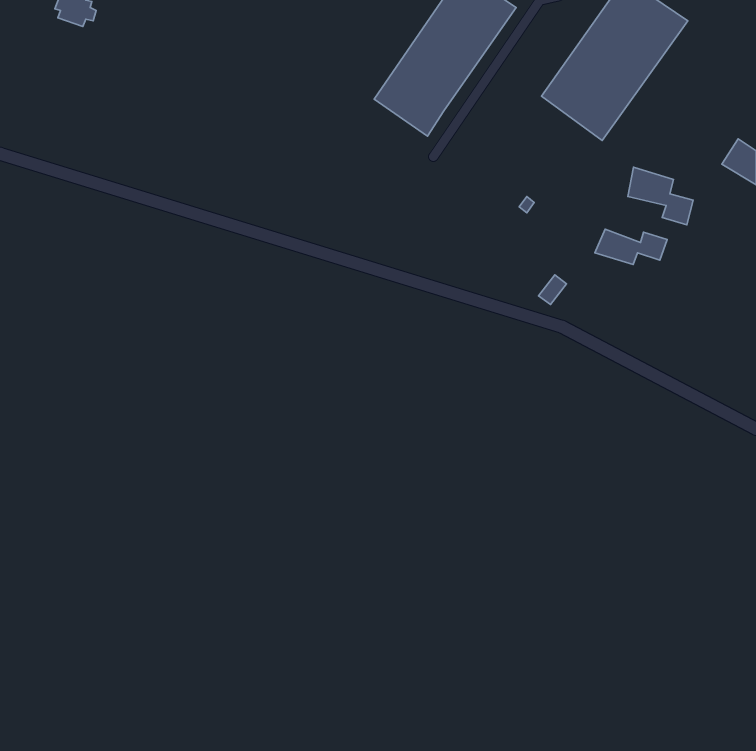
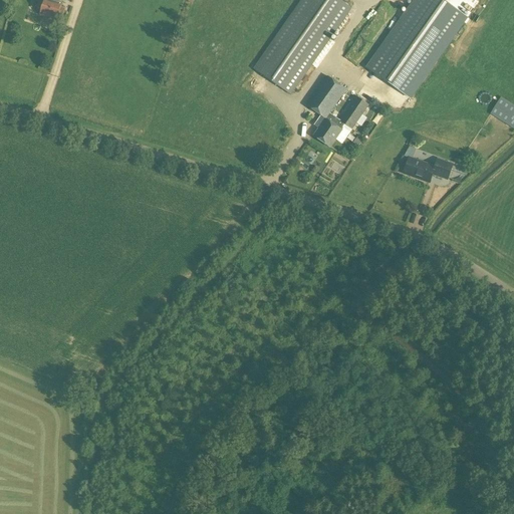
building: none -> [306,73,368,146]
building: [628,167,693,225] -> none

